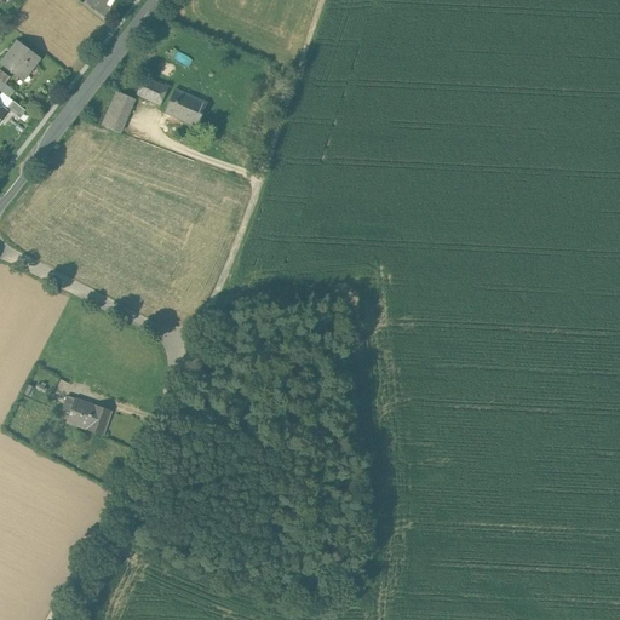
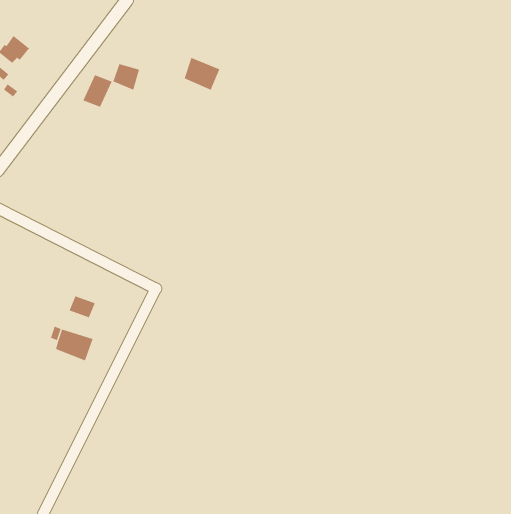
building: [165,86,208,126] -> [184,57,220,90]
building: none -> [69,296,96,318]

